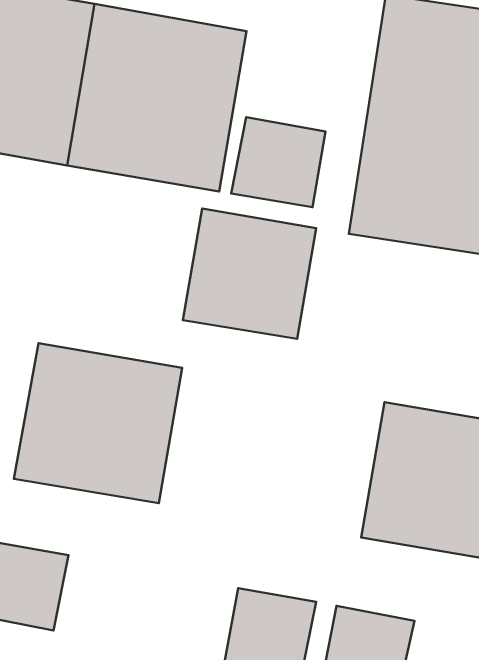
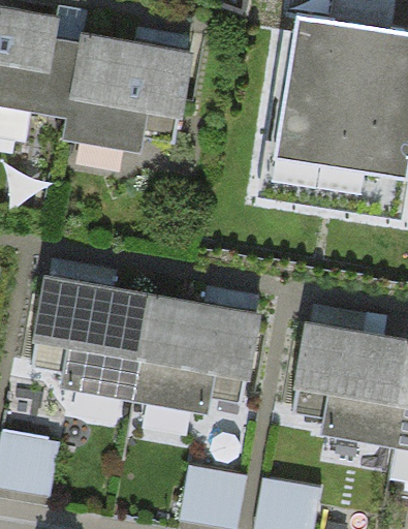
building: [231,117,326,207] -> none
building: [183,209,316,339] -> none
building: none -> [130,295,257,416]

